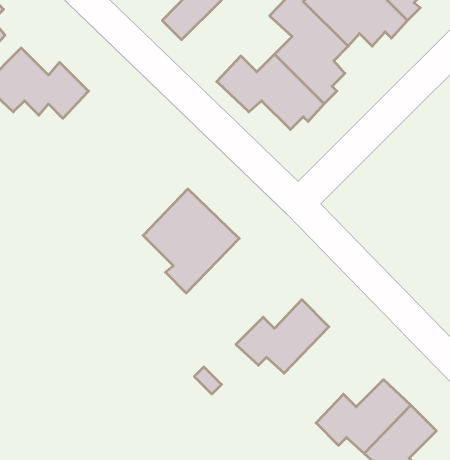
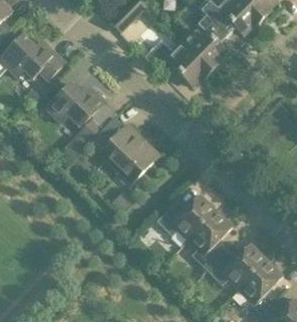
building: none -> [45,82,103,139]
building: none -> [187,210,232,270]

